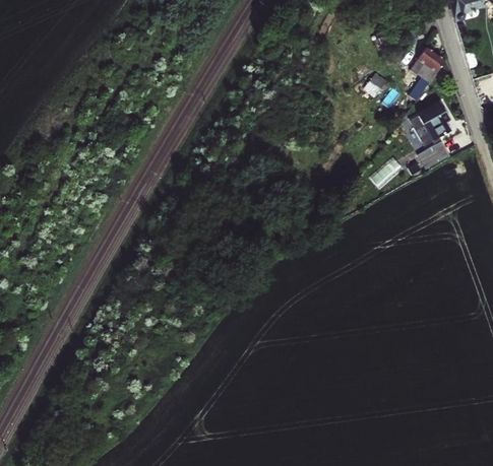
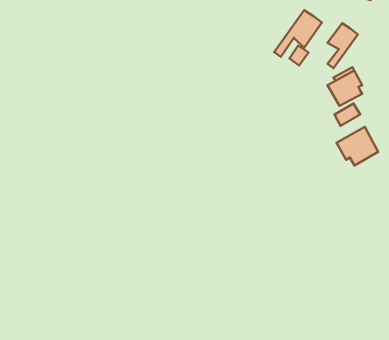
building: none -> [274,10,322,57]
building: none -> [336,127,378,165]

